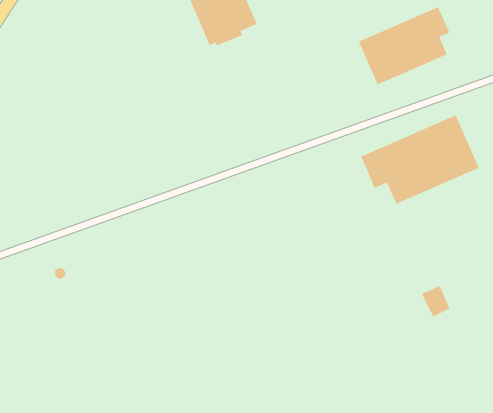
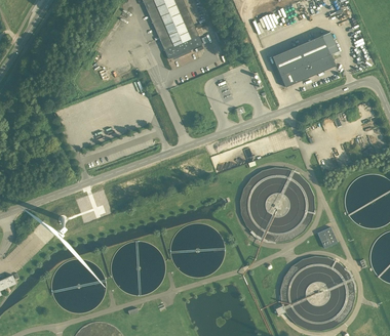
building: [360,114,480,205] -> none

